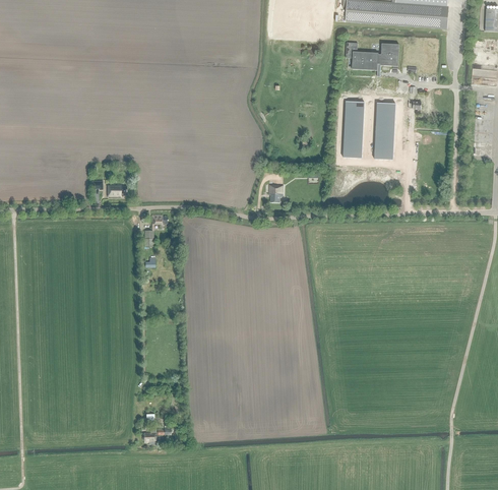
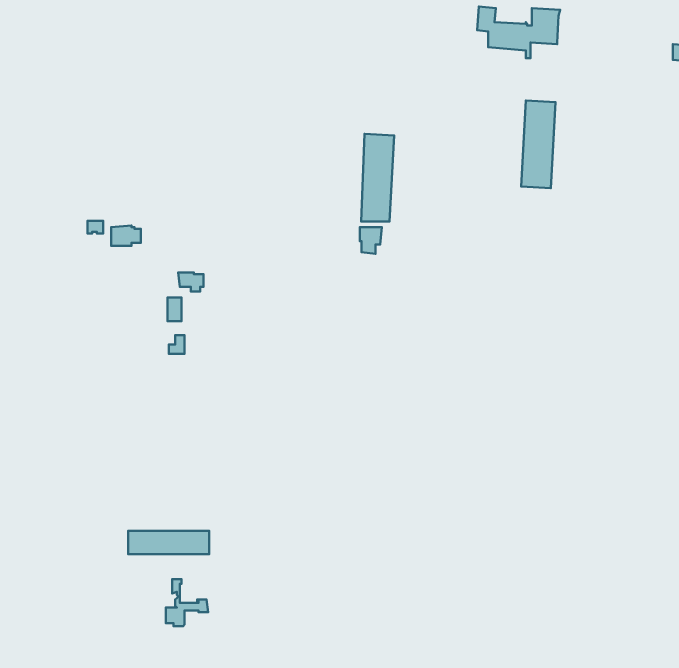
building: [344,100,365,157] -> [361,134,394,222]
building: none -> [128,531,209,554]

